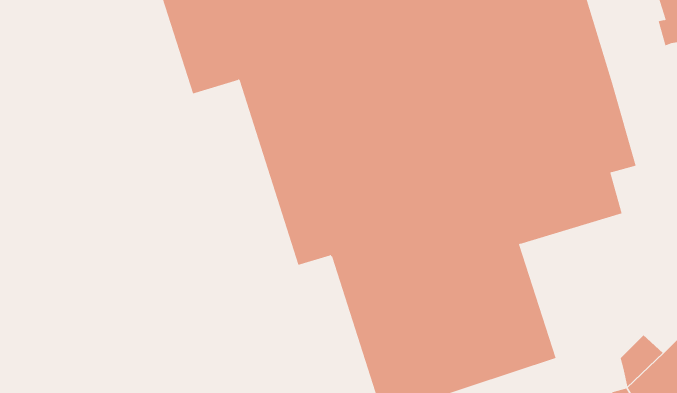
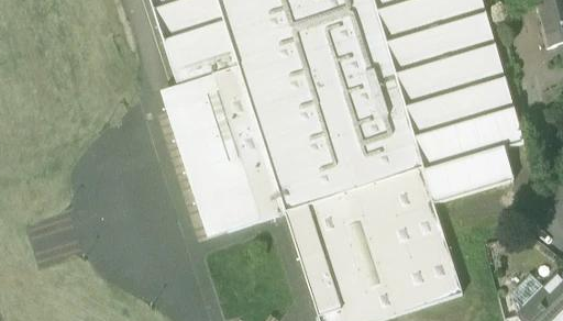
building: none -> [161,75,260,237]

